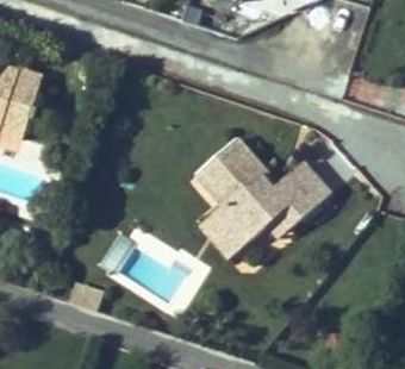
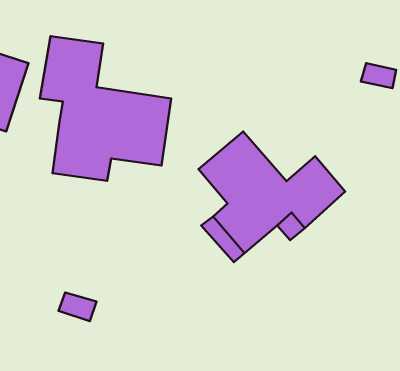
building: none -> [40,36,171,181]

